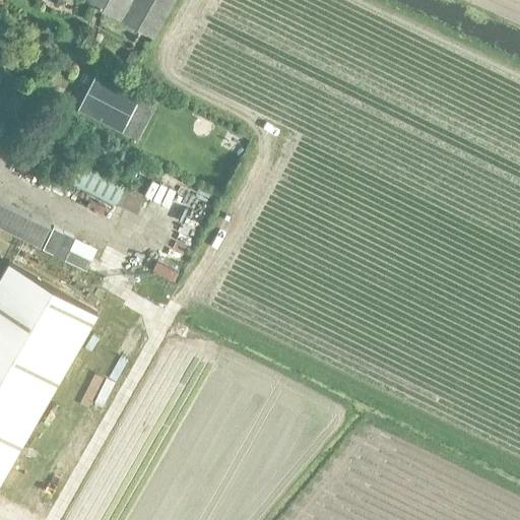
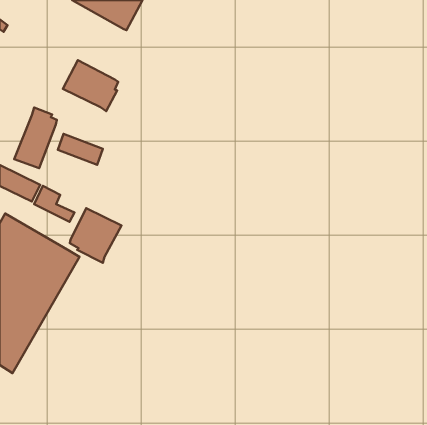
building: none -> [14,107,57,168]
building: none -> [70,208,122,263]

